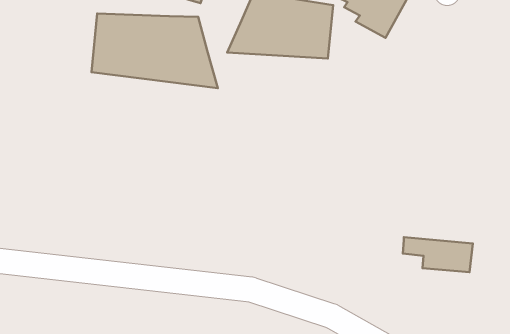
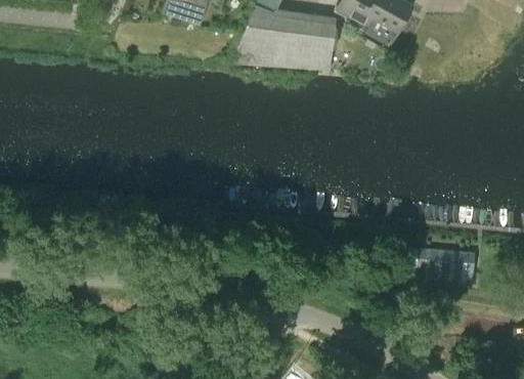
building: [91,13,218,88] -> none

